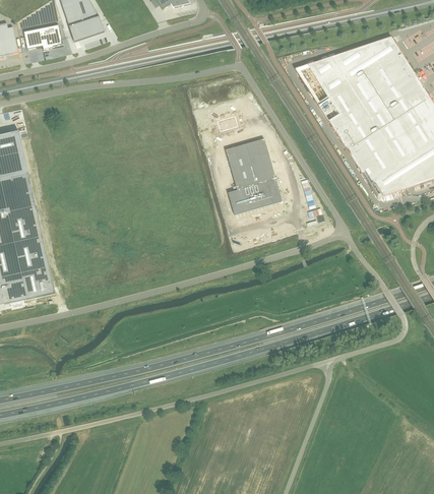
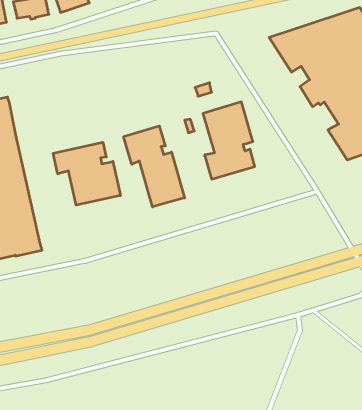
building: none -> [124,126,185,207]
building: none -> [53,142,120,205]

